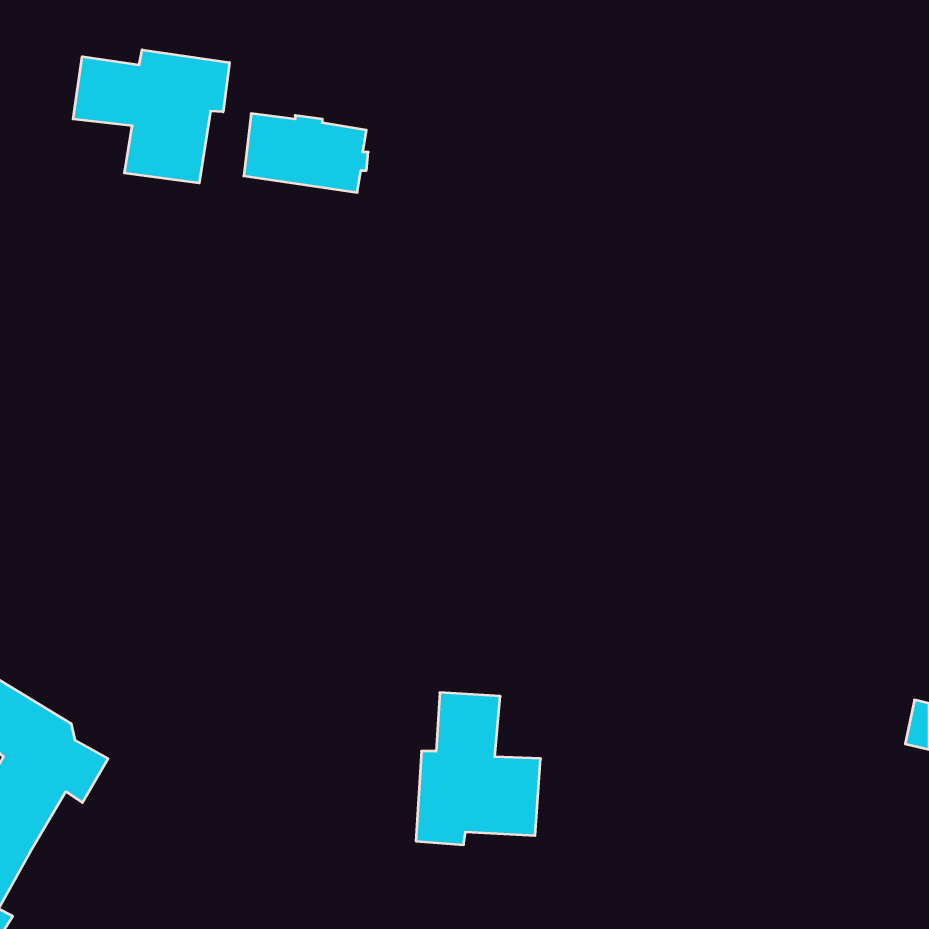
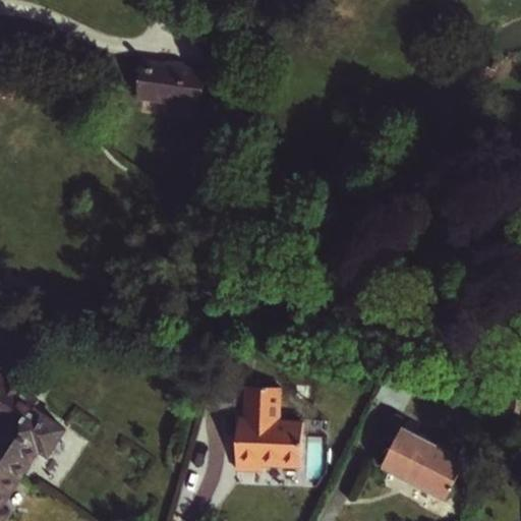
building: [73,50,229,183] -> none
building: none -> [385,430,468,499]

